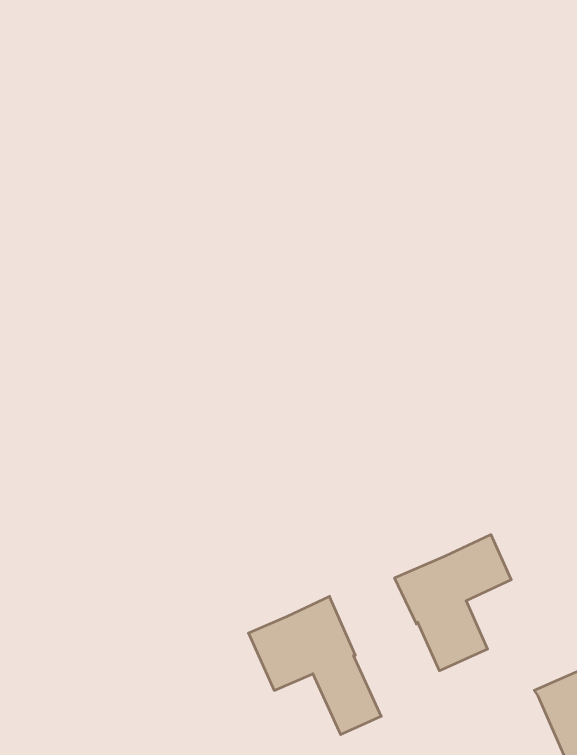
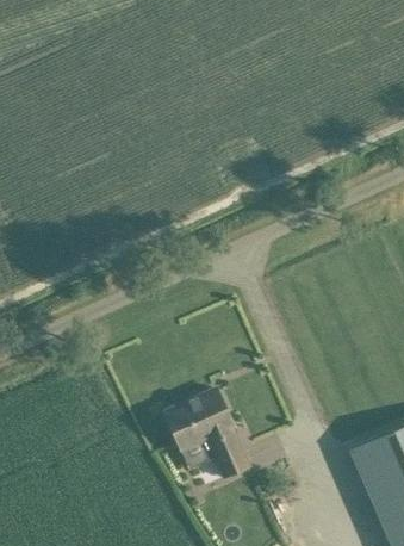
building: [395,535,511,671] -> none

